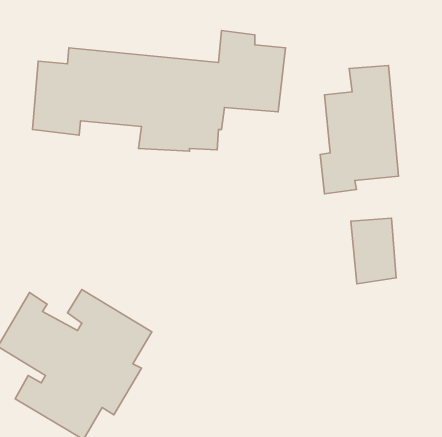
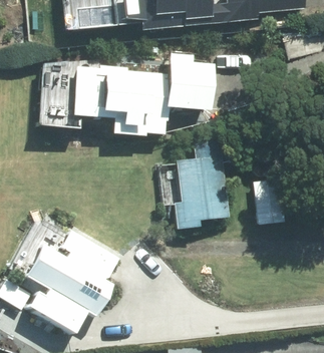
building: [320,66,399,194] -> [175,139,229,228]

